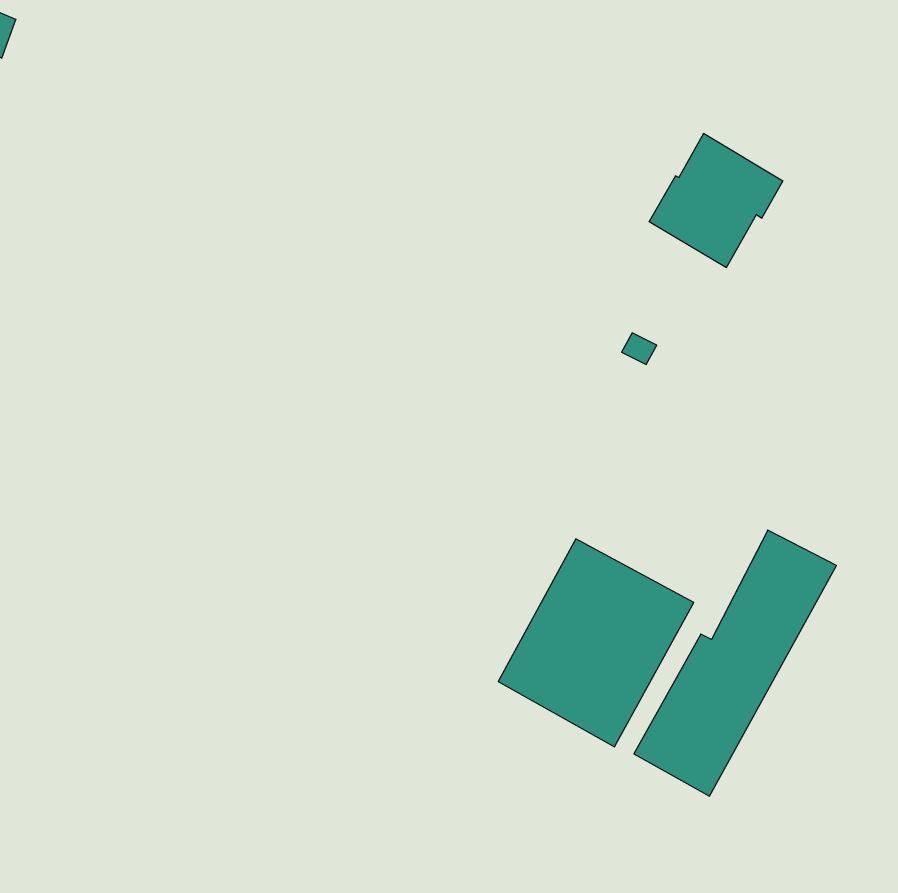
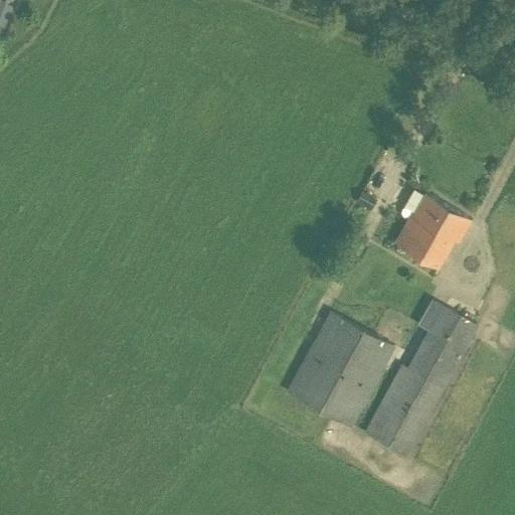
building: [649,134,783,267] -> [393,194,470,271]

